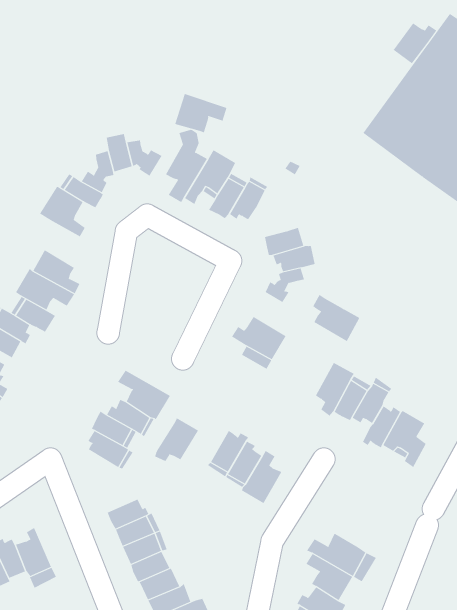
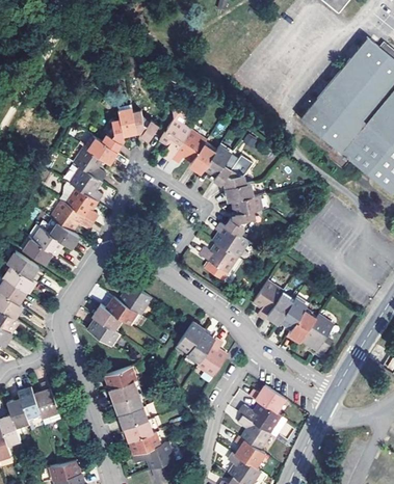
building: [393,22,437,64] -> none
building: [175,93,227,133] -> none
building: none -> [212,156,249,188]
building: none -> [62,166,95,201]
building: [313,294,360,342] -> [214,224,247,260]
building: [155,417,199,462] -> none
building: none -> [254,385,288,413]

